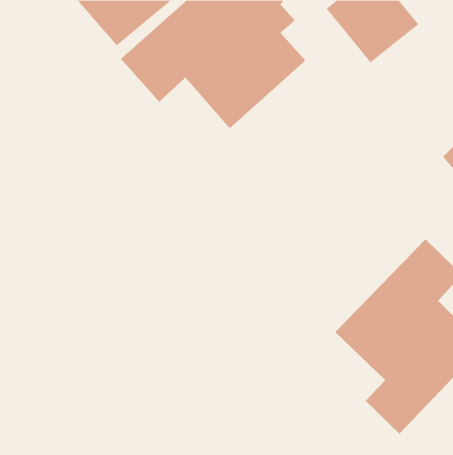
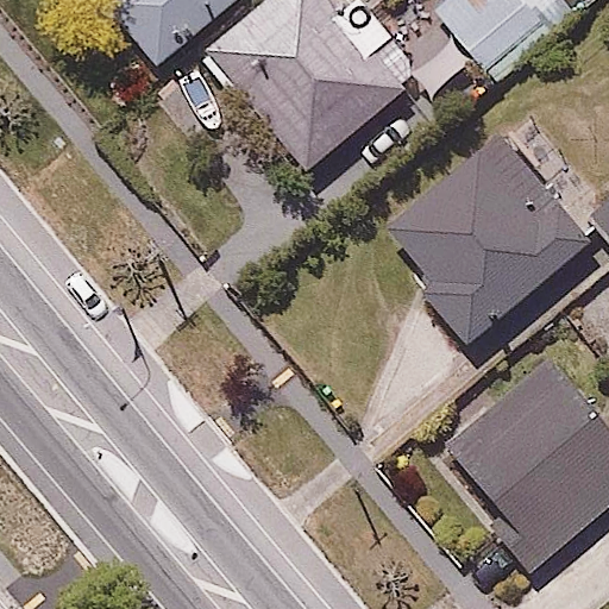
building: none -> [384,125,592,347]

